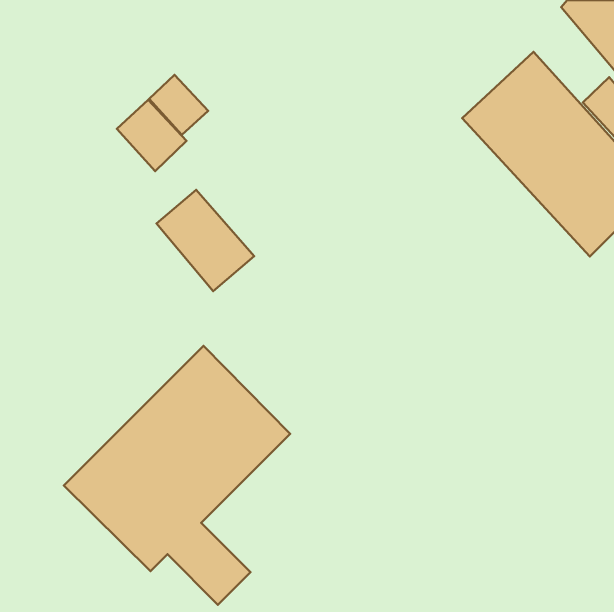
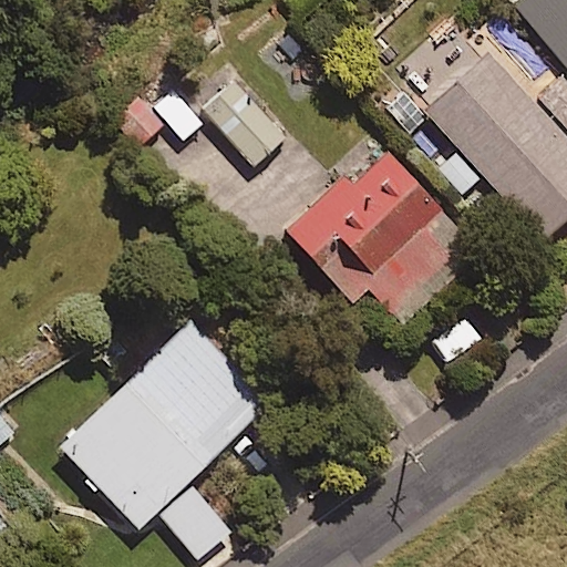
building: none -> [281,147,478,339]
building: [157,190,254,291] -> [197,76,287,169]

